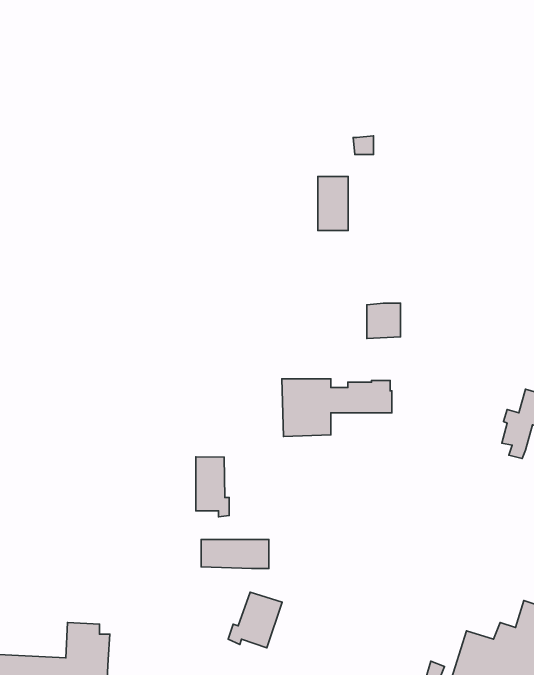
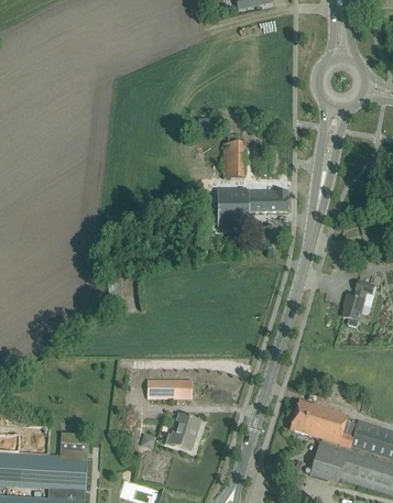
building: [282,379,392,436] -> [217,188,288,226]
building: [196,457,229,517] -> none
building: none -> [290,400,347,444]

